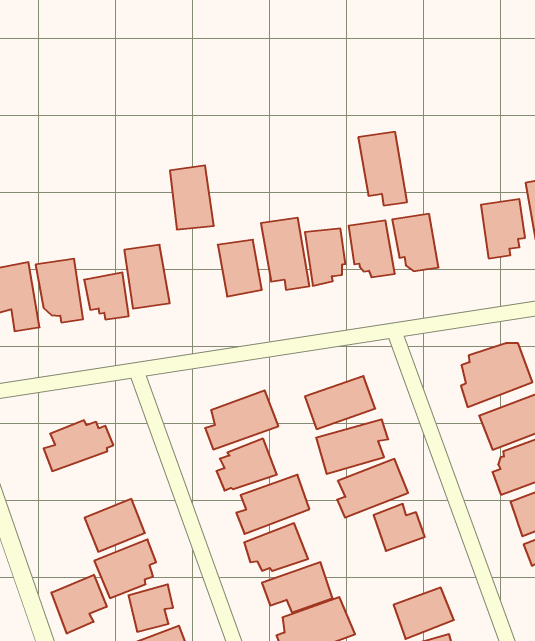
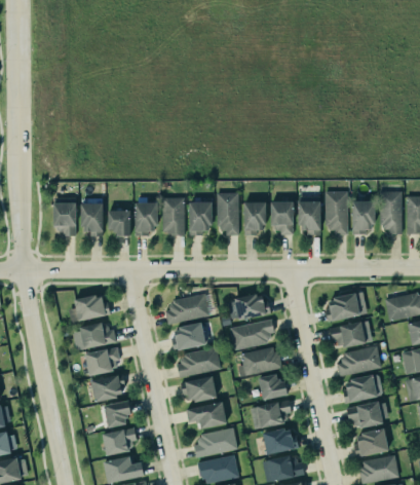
building: [358,132,407,205] -> [324,192,348,235]
building: [170,165,214,229] -> [162,198,185,235]
building: none -> [79,323,115,349]
building: none -> [251,400,292,431]
building: [51,575,107,634] -> none

